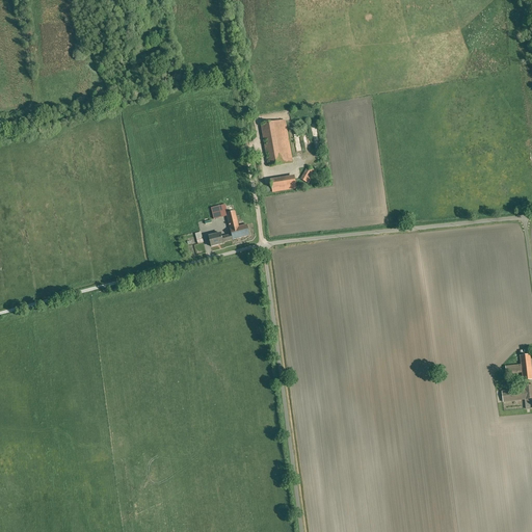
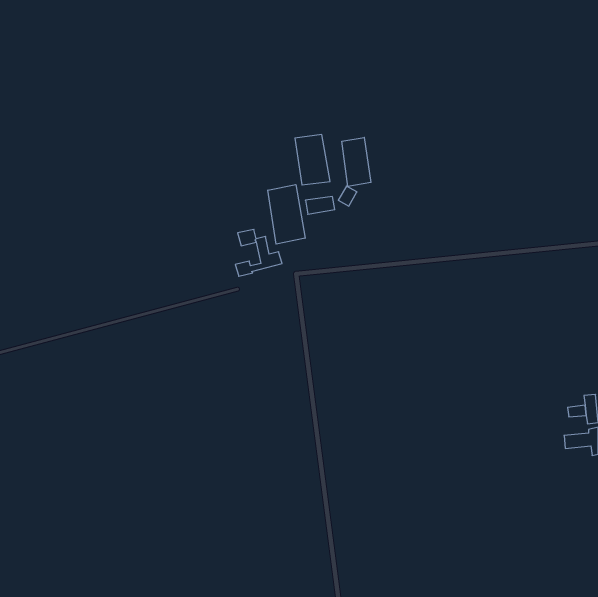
building: none -> [342,137,371,187]
building: none -> [268,185,305,244]

